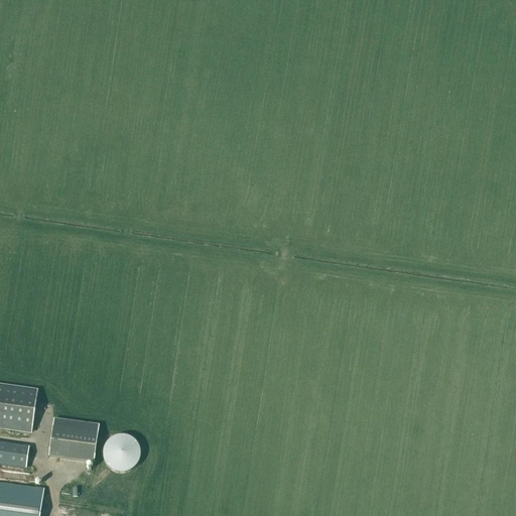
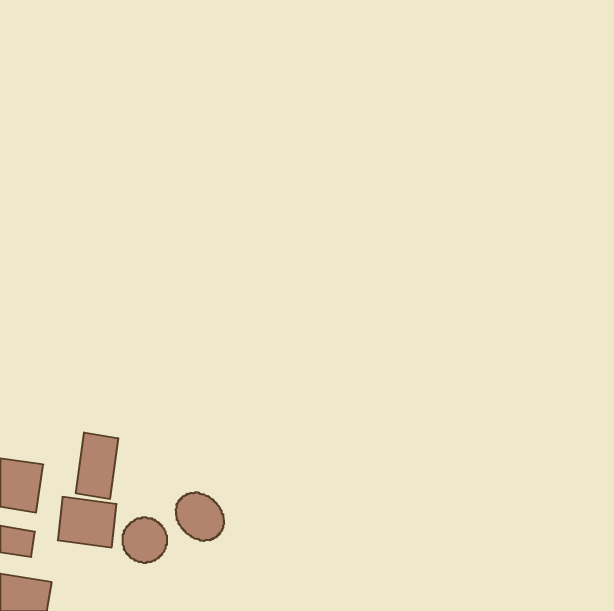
building: none -> [76,432,118,499]
building: none -> [176,492,224,541]

